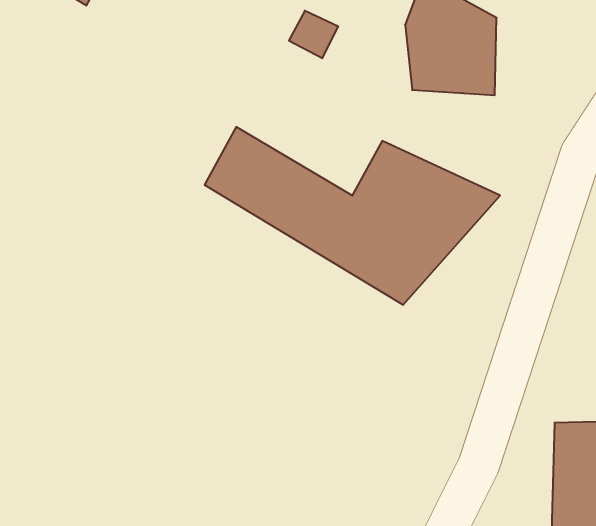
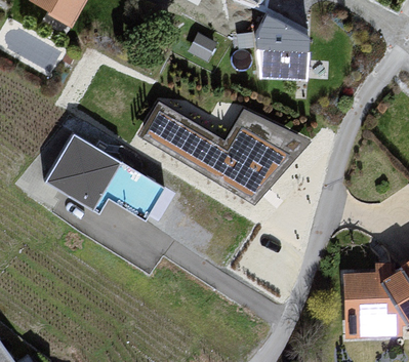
building: none -> [45,132,165,217]

